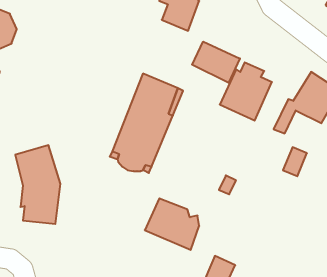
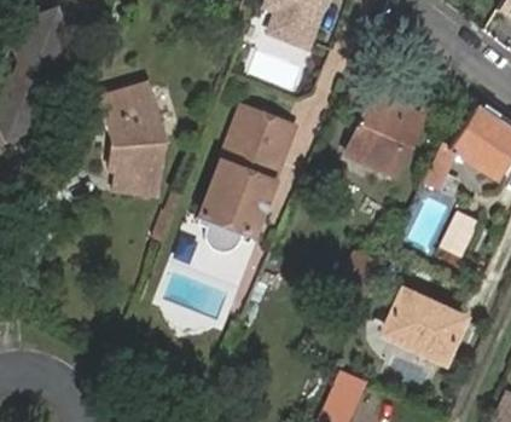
building: [192,42,240,83] -> none
building: [15,145,60,224] -> [97,81,161,192]
building: [145,198,199,250] -> [383,284,460,357]

